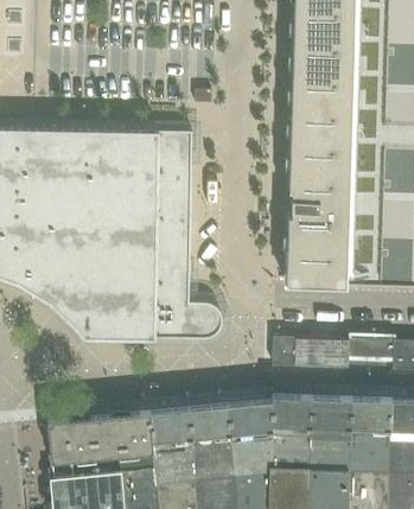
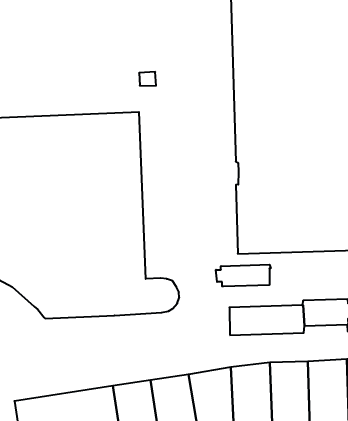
building: none -> [216,265,271,286]

